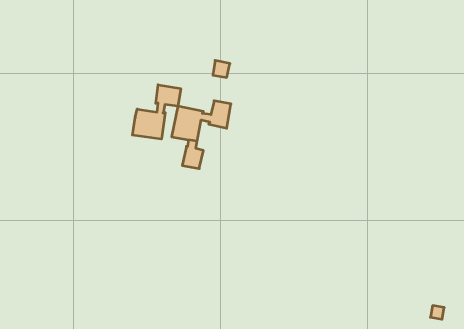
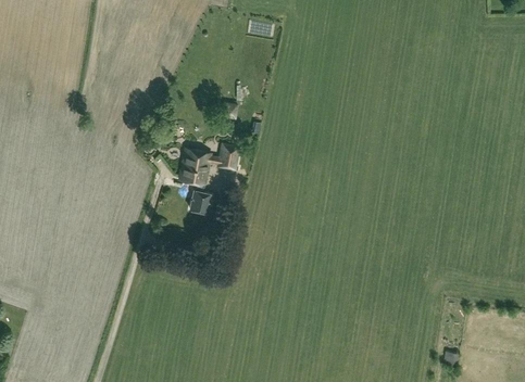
building: [132,85,181,139] -> none

